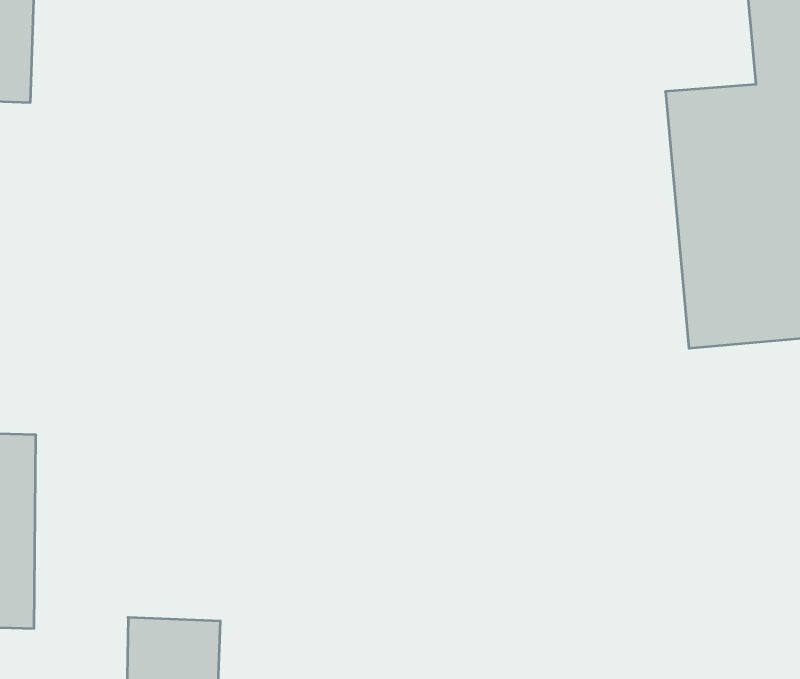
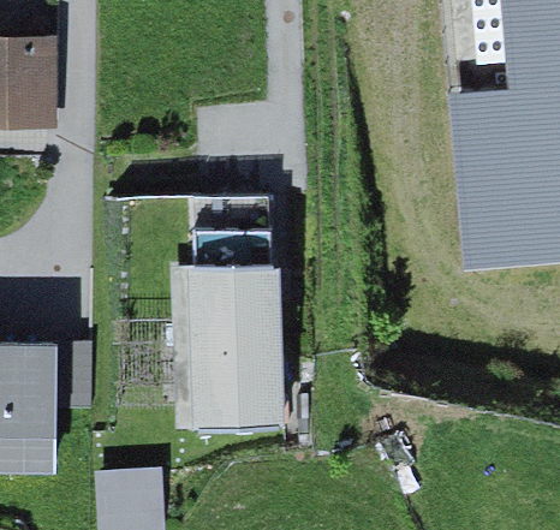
building: none -> [209,219,269,424]

